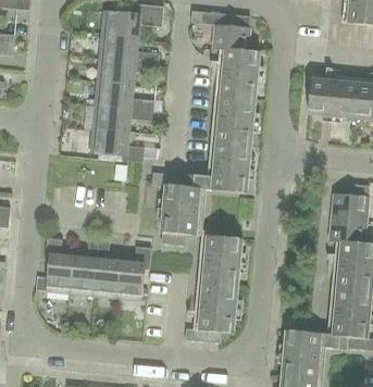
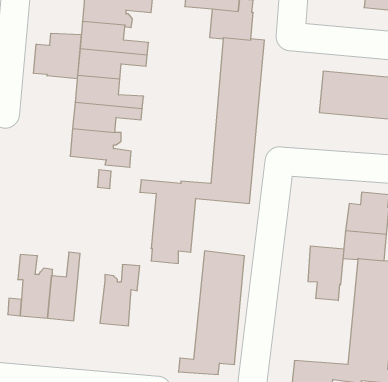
building: none -> [34,33,81,79]
building: none -> [308,246,344,301]
building: [92,236,120,297] -> none

